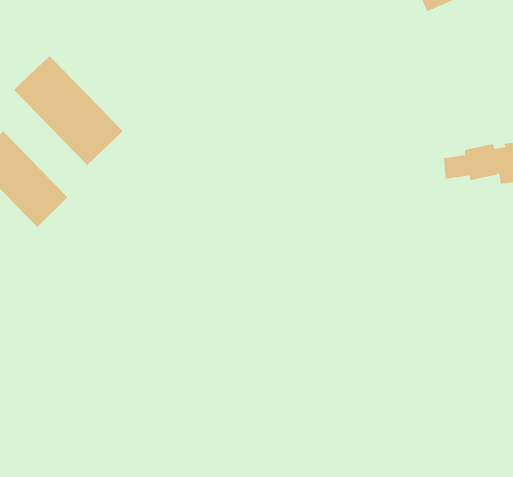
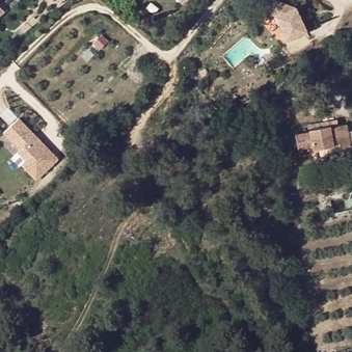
building: [13,55,124,166] -> none

